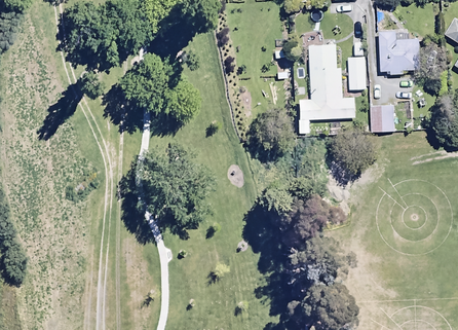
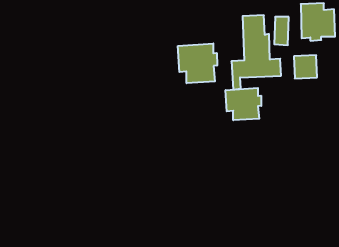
building: none -> [178,43,217,83]
building: none -> [226,88,261,120]

